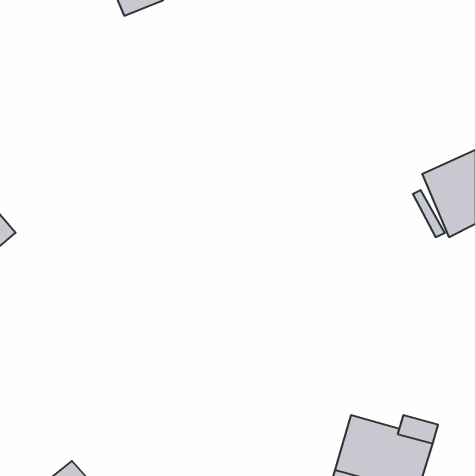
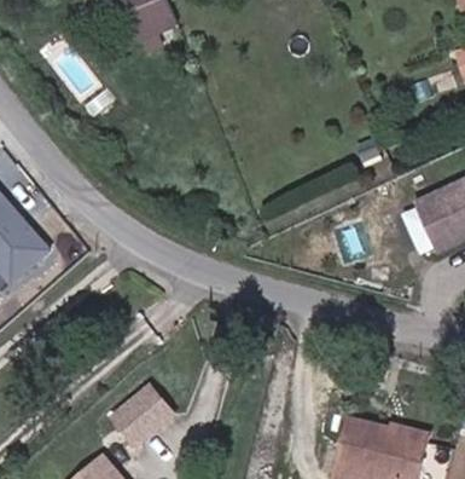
building: none -> [106,385,172,449]

